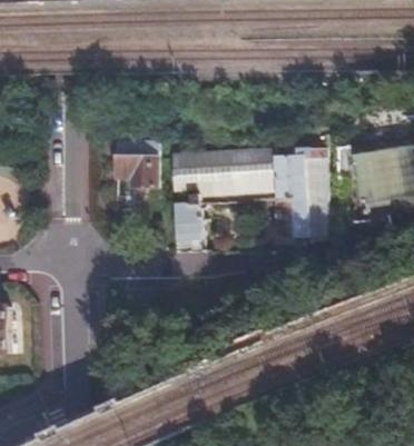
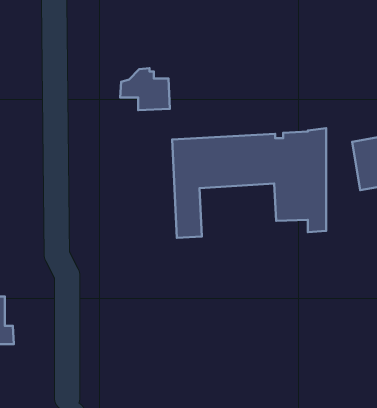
building: [112,145,161,186] -> [120,68,170,110]

